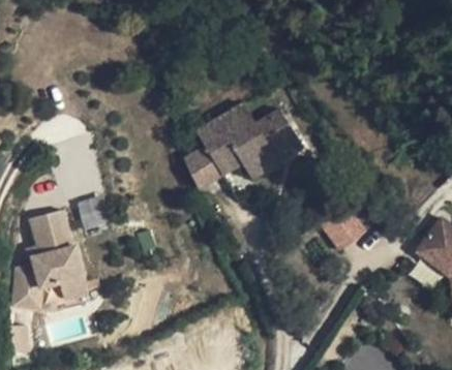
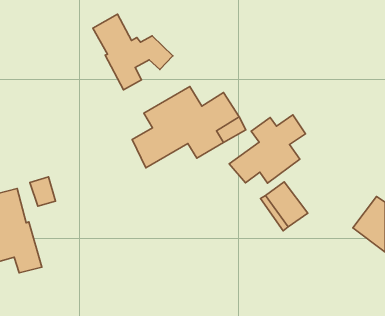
building: none -> [93,14,173,90]
building: none -> [229,115,305,183]

